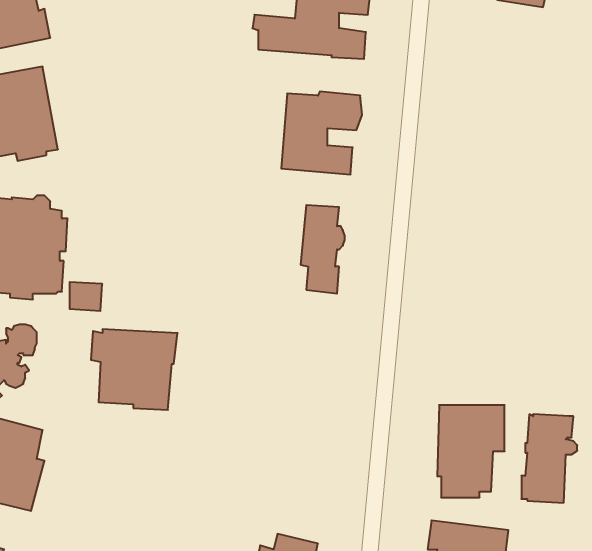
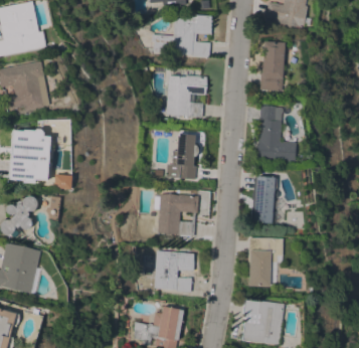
building: none -> [259,41,286,92]
building: none -> [257,106,296,162]
building: [91,329,178,410] -> [154,194,199,236]
building: [521,414,577,503] -> [250,177,280,223]
building: none -> [150,249,194,292]

